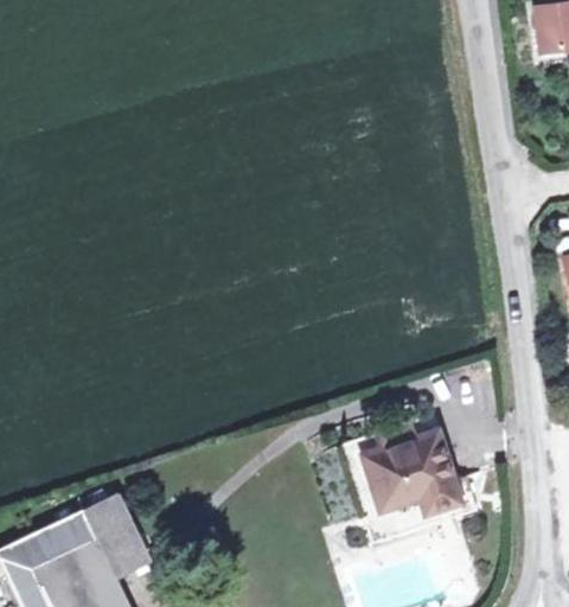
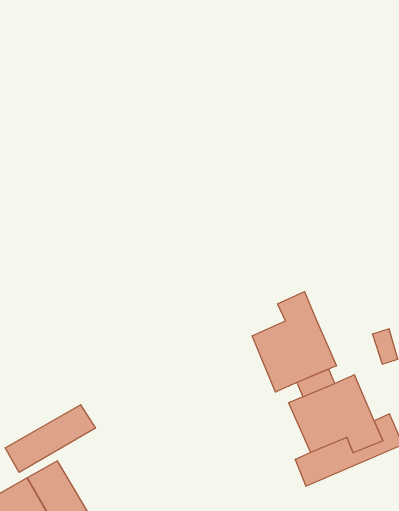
building: none -> [252,292,336,392]
building: none -> [5,405,95,472]

